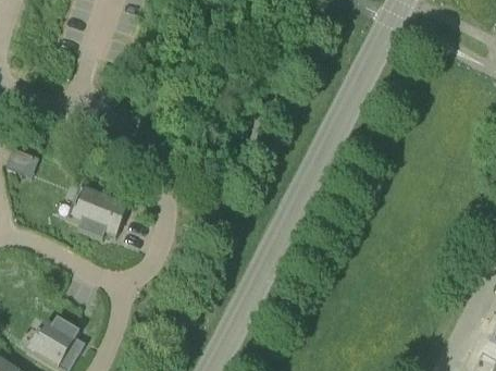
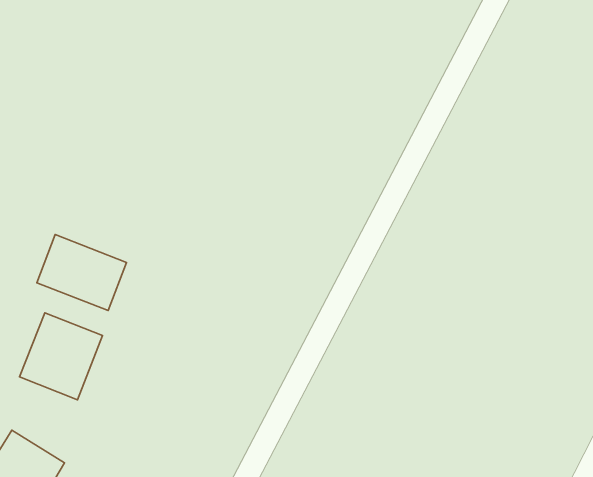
building: none -> [20,313,103,400]

